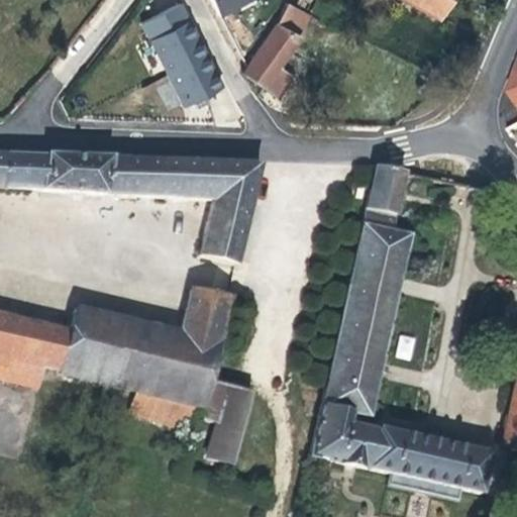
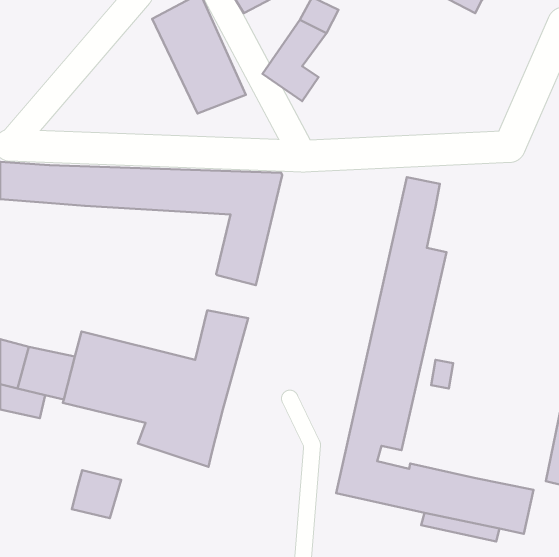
building: [198,376,254,461] -> none
building: none -> [72,470,121,518]

